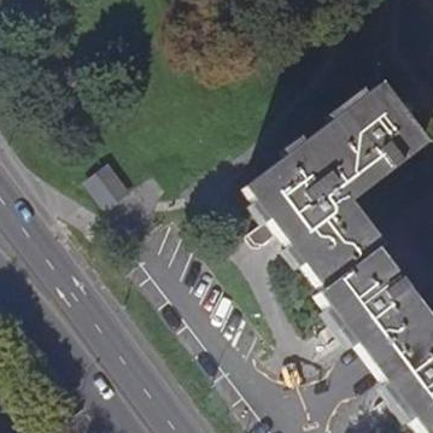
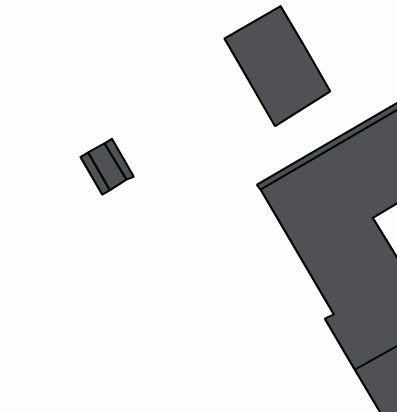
building: none -> [225,6,330,126]

